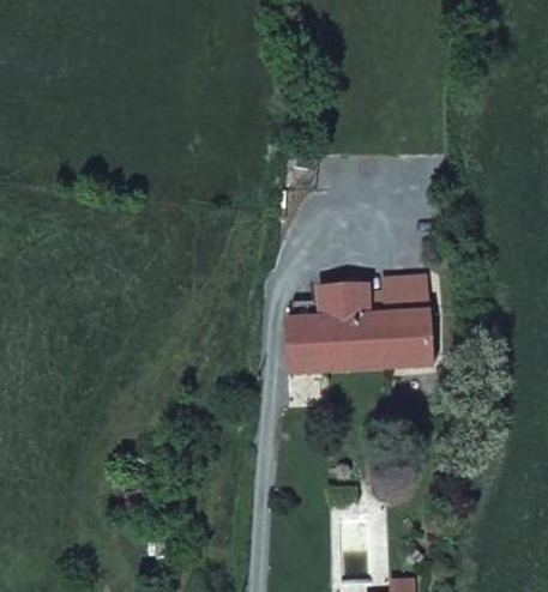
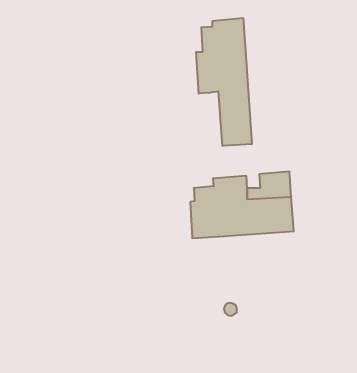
building: none -> [196,18,252,146]

